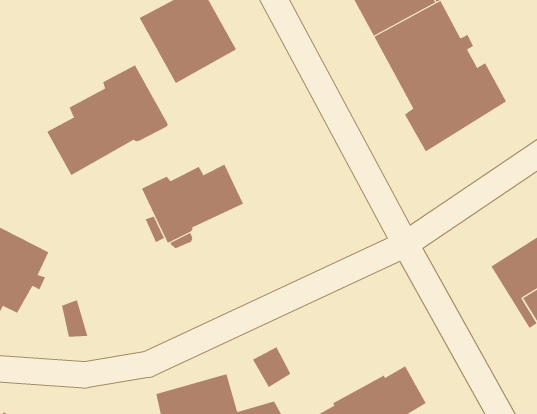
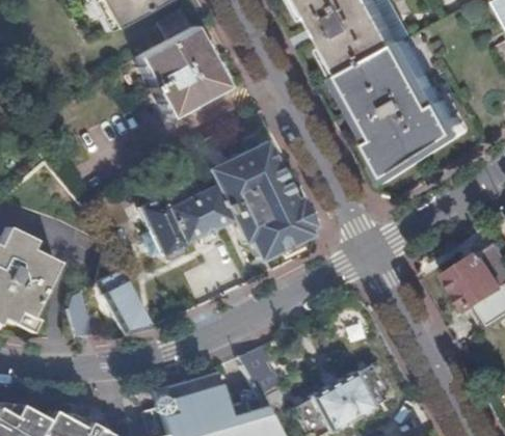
building: [46,64,169,176] -> none
building: none -> [192,129,314,263]
building: none -> [97,272,149,335]

